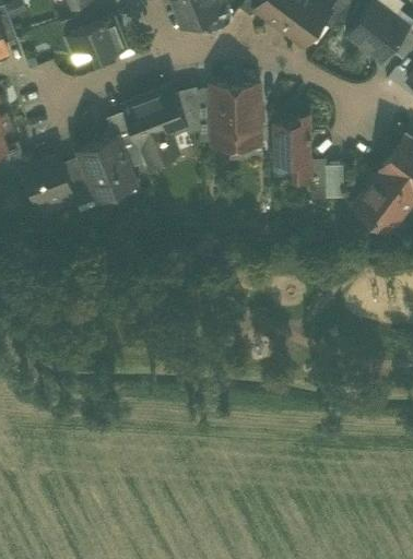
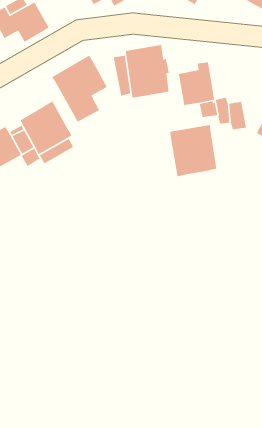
building: [174,90,200,138] -> none
building: [107,114,144,169] -> none
building: none -> [170,124,217,177]

